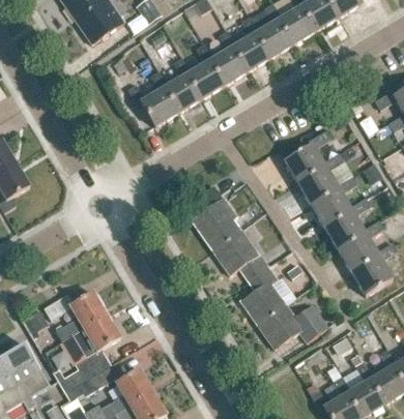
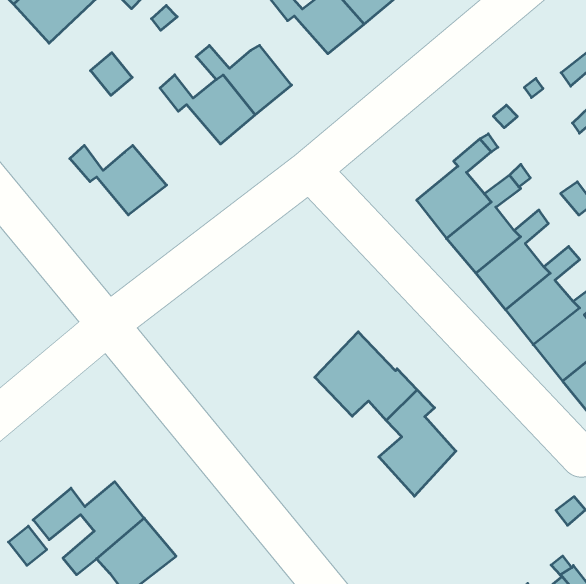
building: [195,42,246,85] -> none
building: [126,83,178,125] -> [70,145,167,215]
building: [192,184,239,249] -> none
building: [257,302,325,348] -> none

